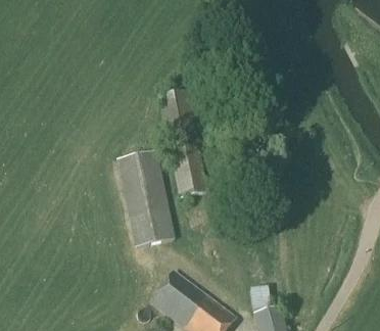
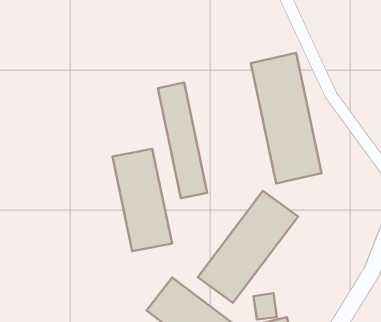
building: none -> [251,53,322,184]
building: none -> [198,191,298,303]

